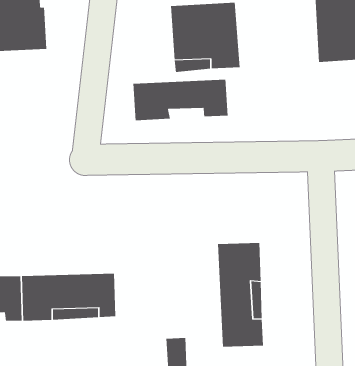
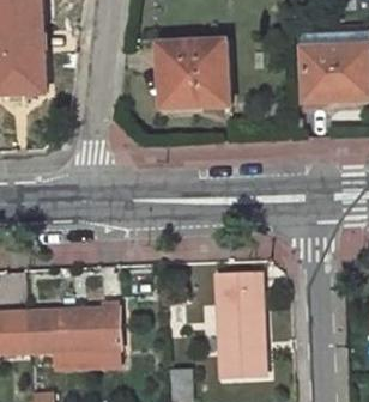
building: [133,79,228,121] -> none

